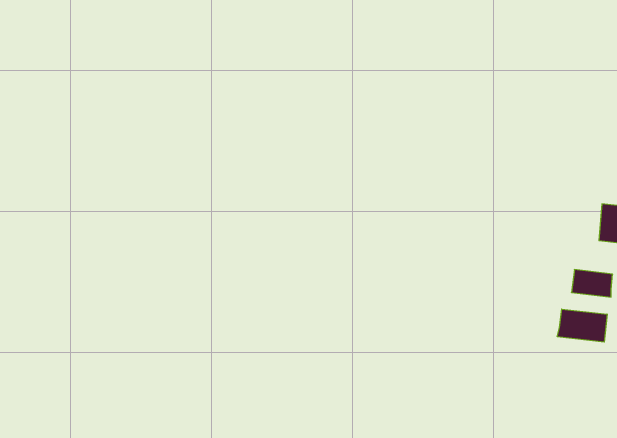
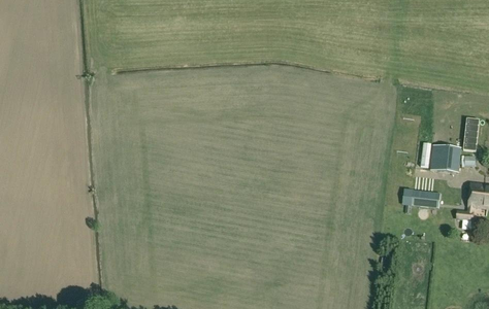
building: [557,309,607,342] -> none

